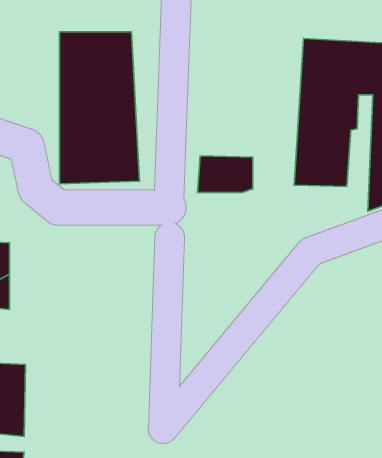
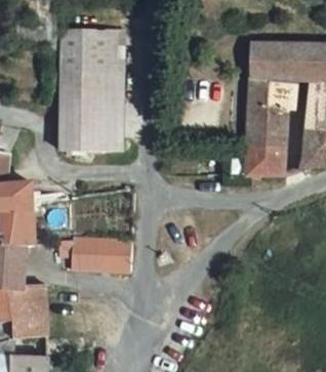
building: [198,156,253,193] -> [244,149,287,177]
building: none -> [54,234,112,278]

